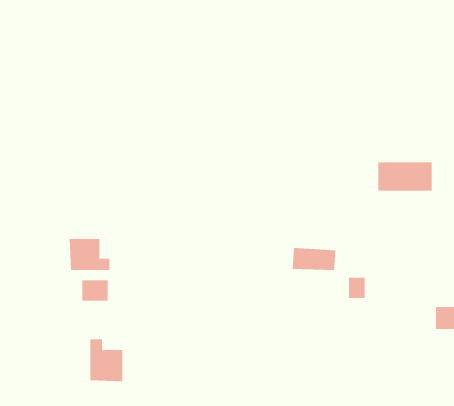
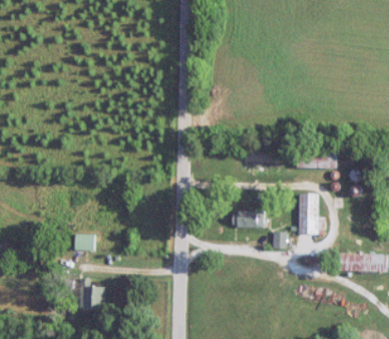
building: none -> [298,194,325,234]
building: [69,238,110,271] -> none

